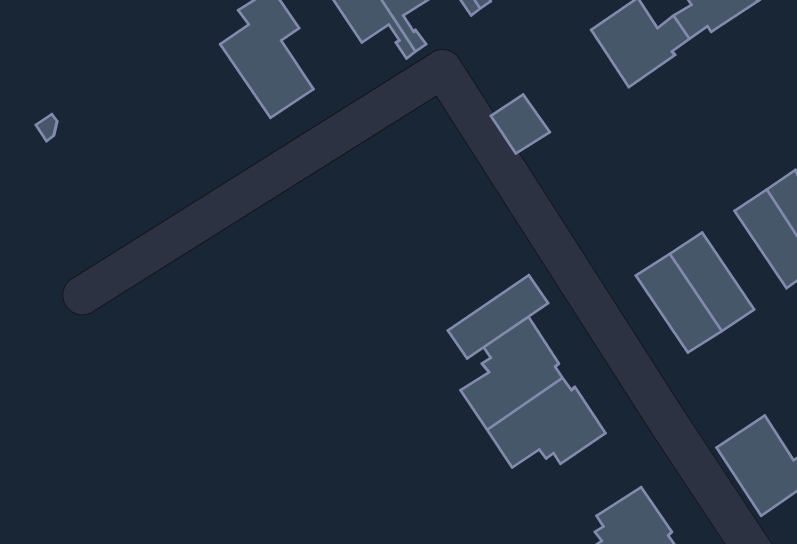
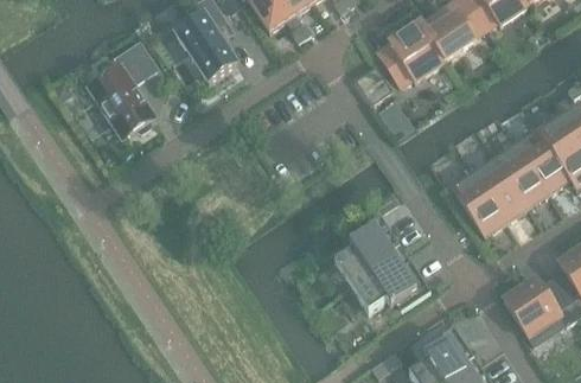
building: none -> [388,21,445,84]
building: none -> [88,46,154,136]
building: none -> [493,141,549,206]
building: [448,275,548,358] -> none

